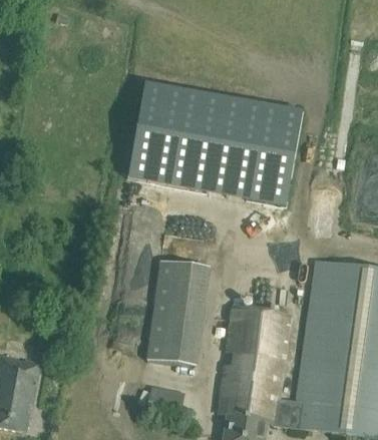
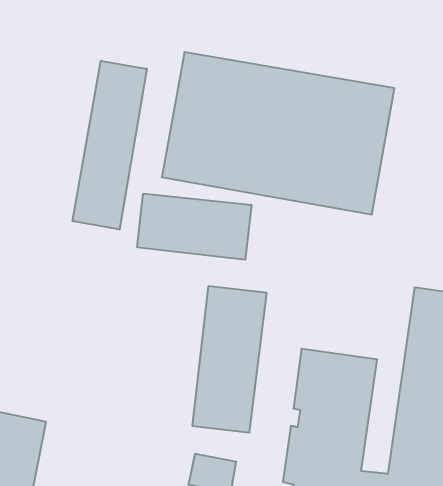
building: none -> [72,61,147,230]
building: none -> [137,194,252,260]

